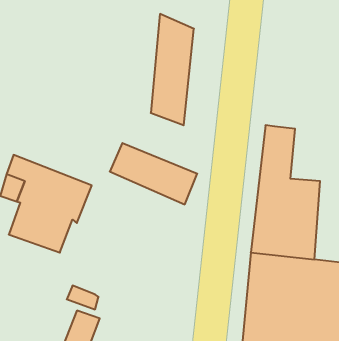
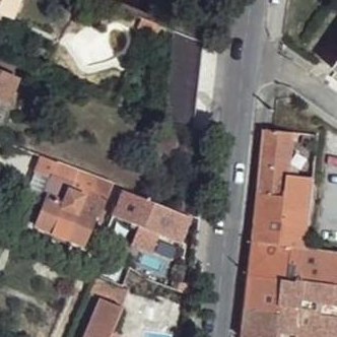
building: [110,143,197,204] -> [110,191,188,246]

